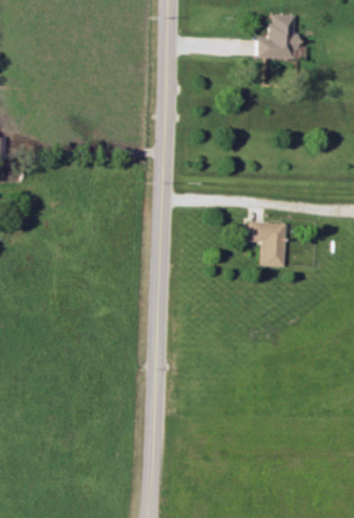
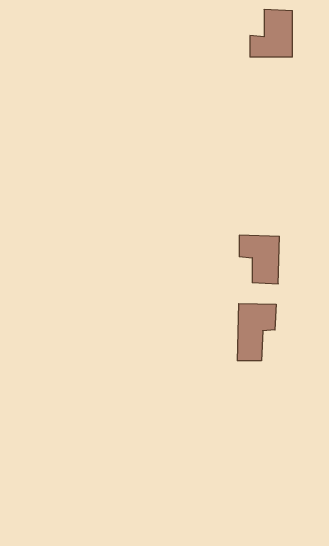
building: none -> [237,304,276,361]

